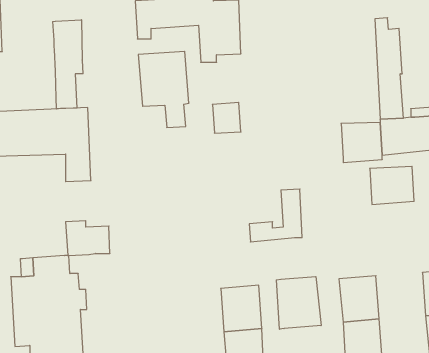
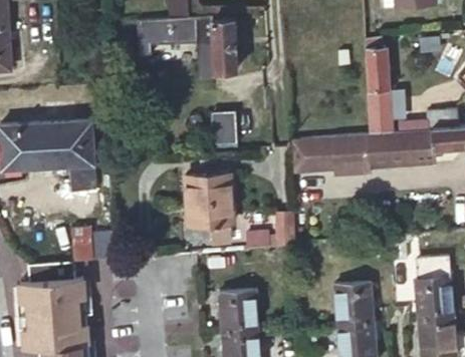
building: [53,20,83,109] -> none
building: [138,51,189,127] -> [184,172,232,245]
building: [370,166,414,204] -> [293,136,335,172]
building: [276,277,321,329] -> none

